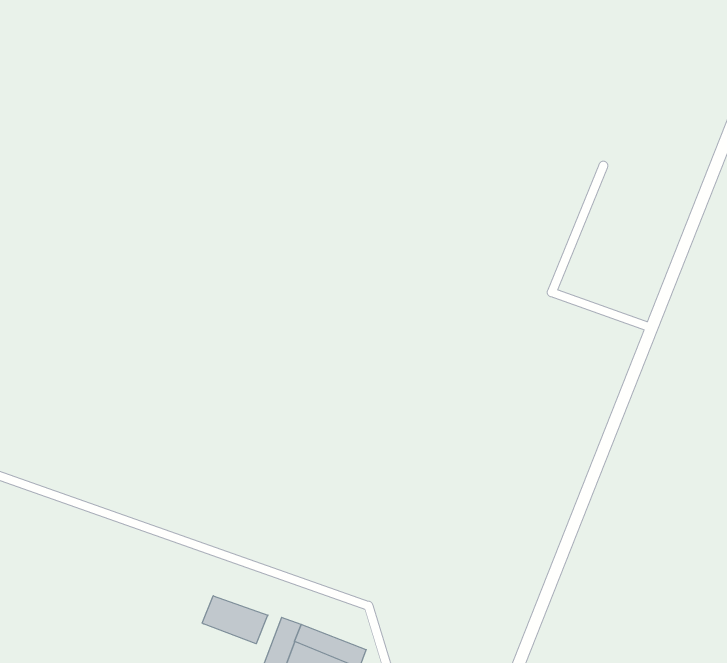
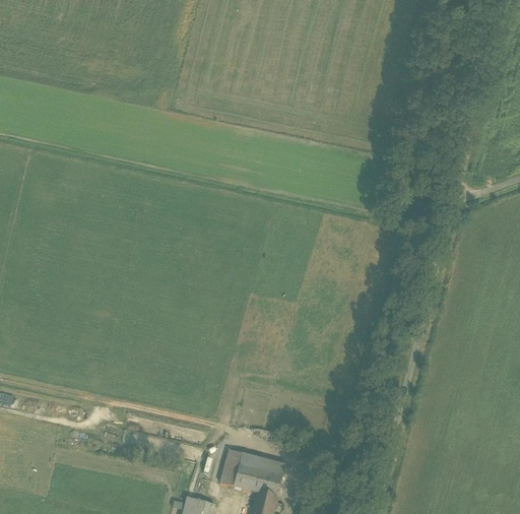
building: [202,596,268,644] -> none

